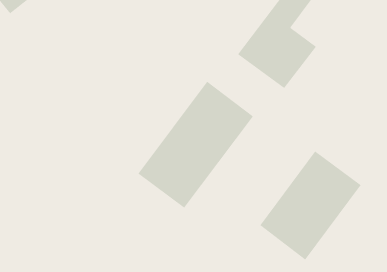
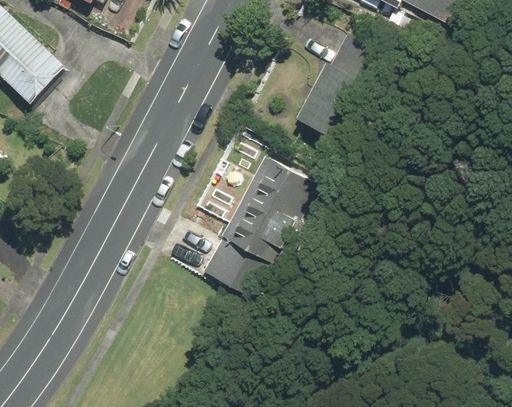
building: [259,150,362,260] -> none

